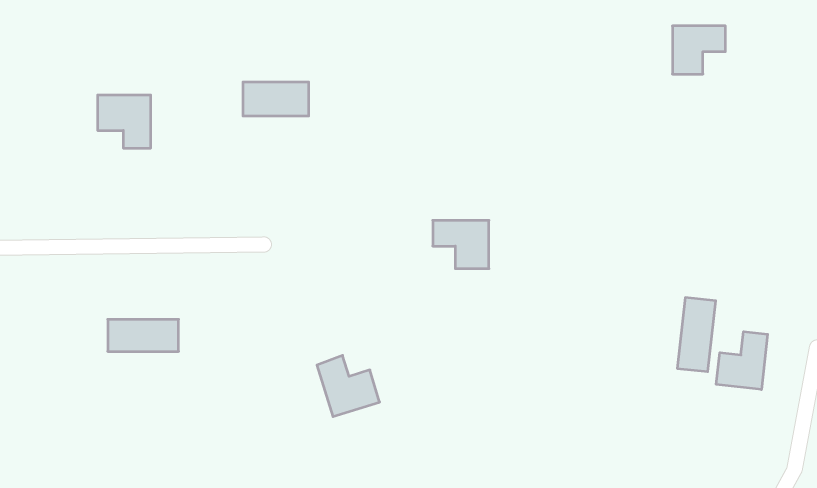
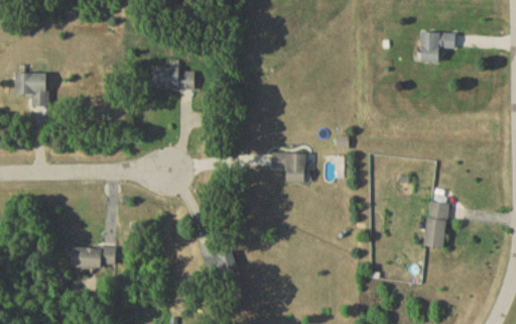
building: [98,95,151,148] -> [14,73,47,106]
building: [108,319,179,351] -> [70,246,114,266]
building: [716,332,768,390] -> none

